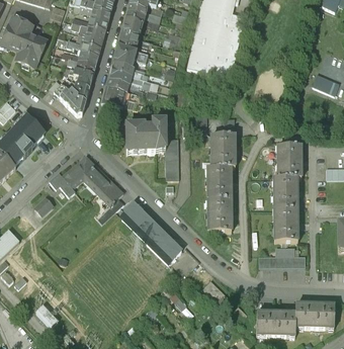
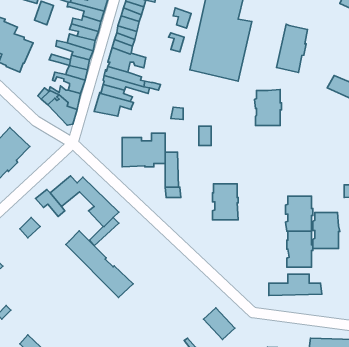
building: none -> [276,24,308,72]
building: [210,134,235,166] -> [254,89,281,125]
building: [277,145,302,177] -> [313,212,340,248]
building: [207,198,231,231] -> none
building: [120,202,181,262] -> [66,231,133,297]

